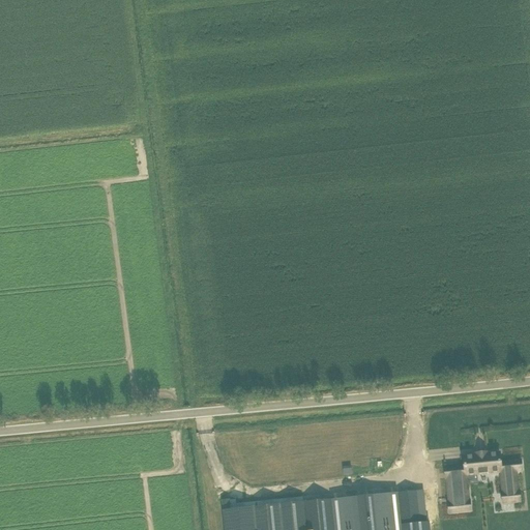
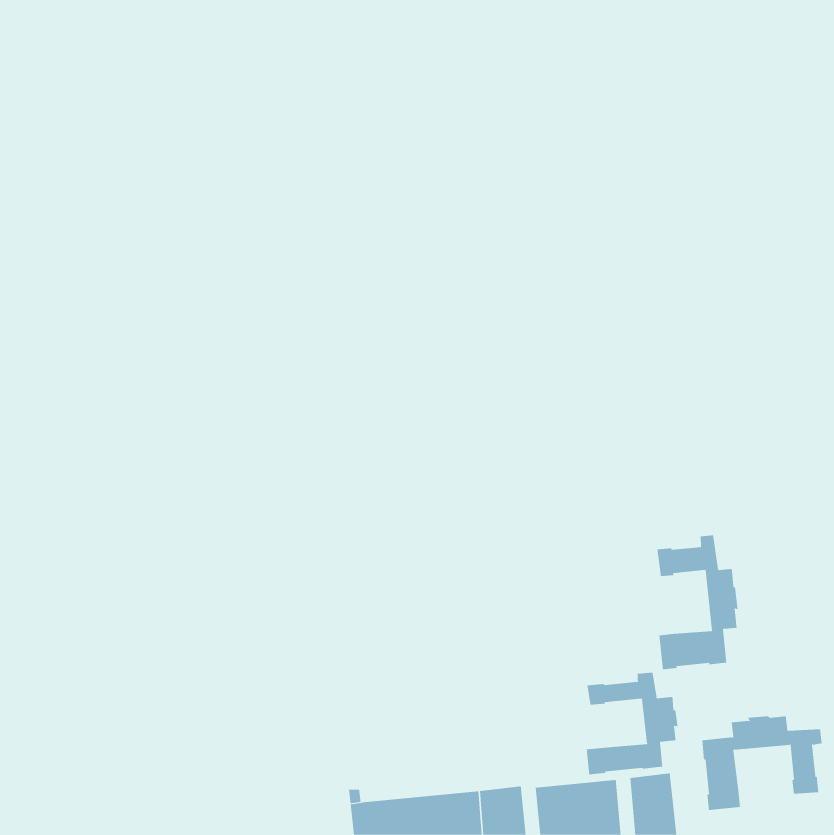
building: none -> [657,535,738,670]
building: none -> [586,672,678,775]

